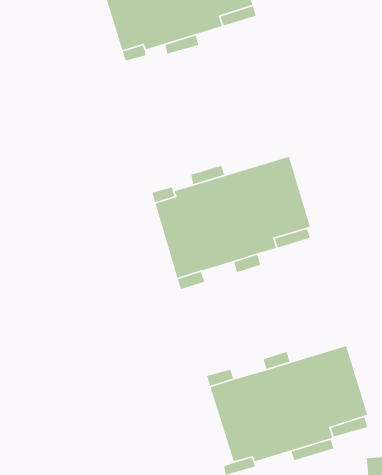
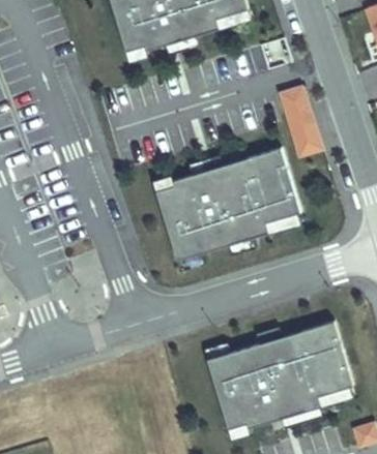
building: none -> [272,83,321,158]

